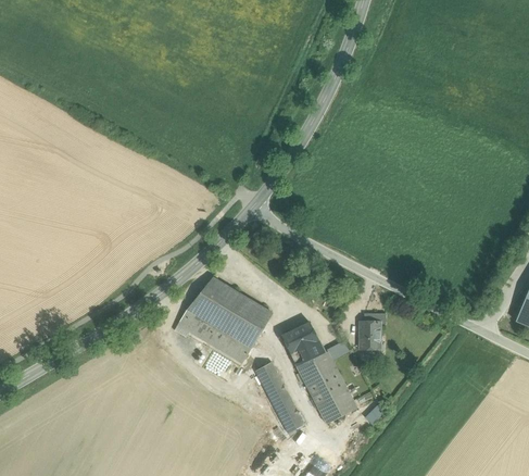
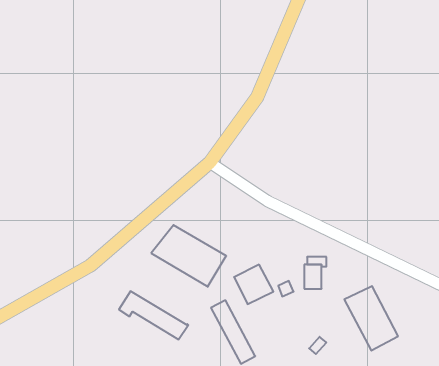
building: [174,309,252,363] -> [119,291,188,339]
building: [295,351,356,424] -> [344,286,398,351]

